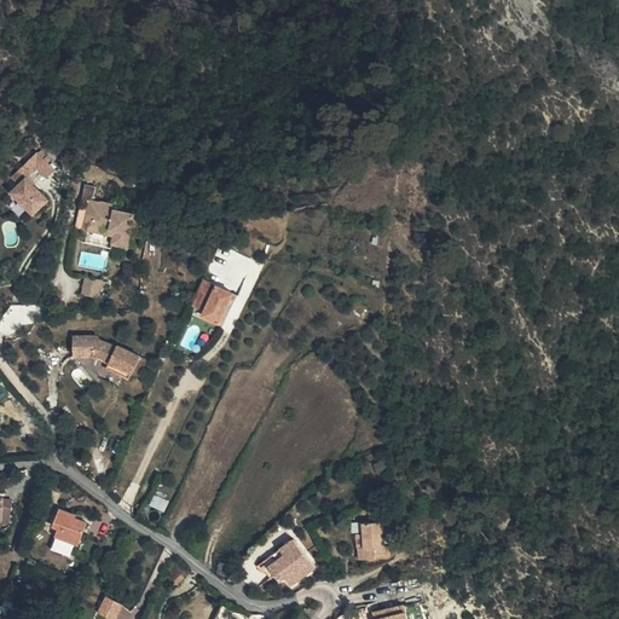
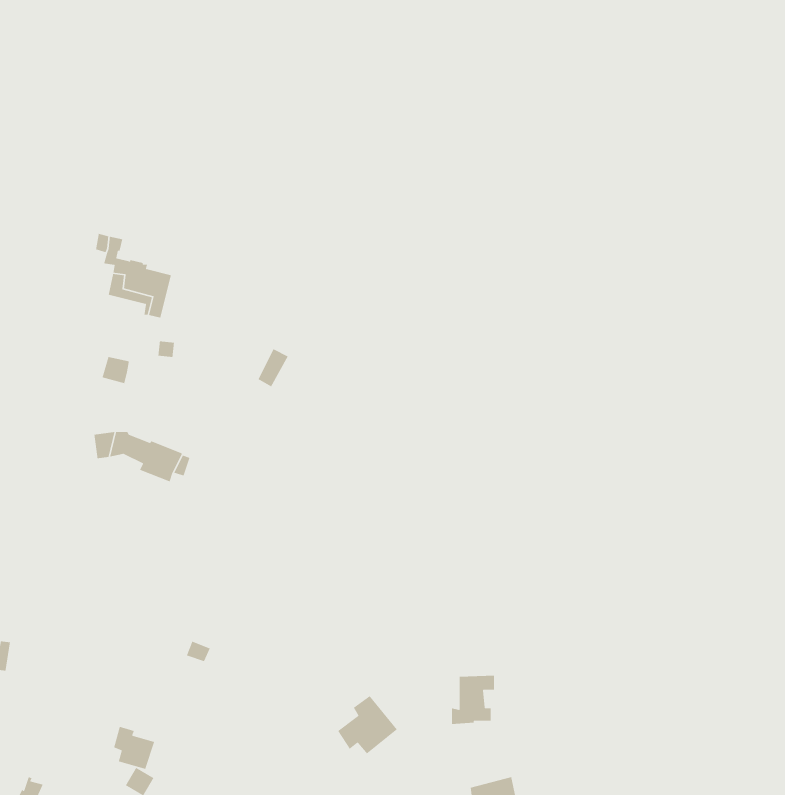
building: [15,151,59,214] -> none
building: [208,278,241,317] -> none
building: [48,513,81,546] -> [113,726,155,770]

